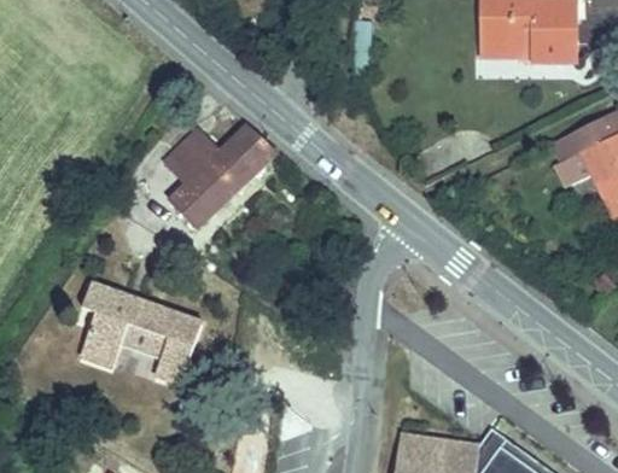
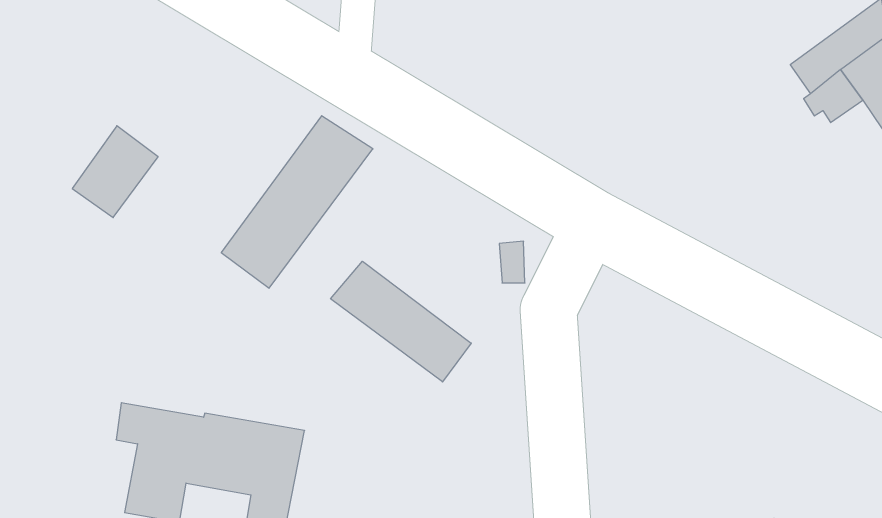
building: [163,127,221,185] -> [72,126,158,218]
building: none -> [331,261,471,382]

